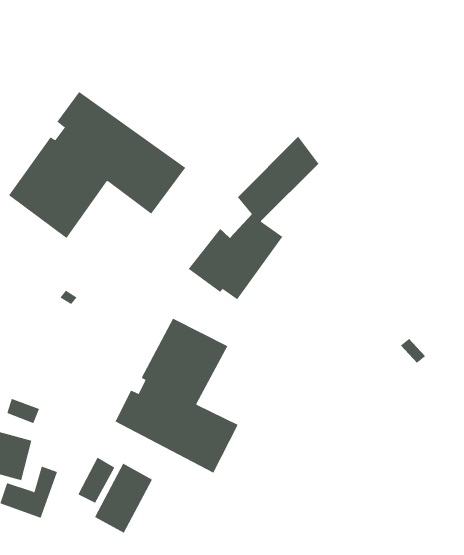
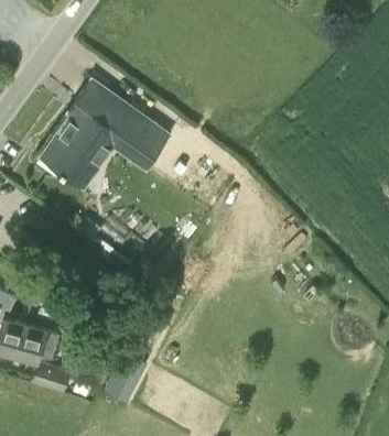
building: [188,136,319,300] -> none
building: [115,318,239,474] -> none

